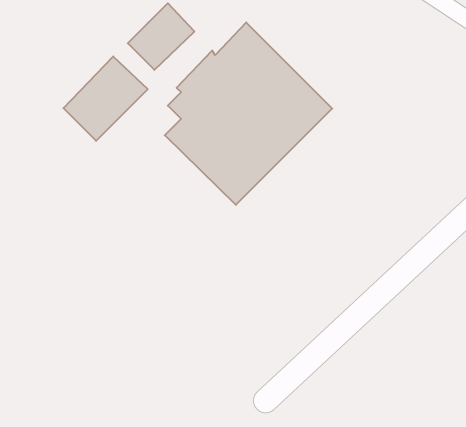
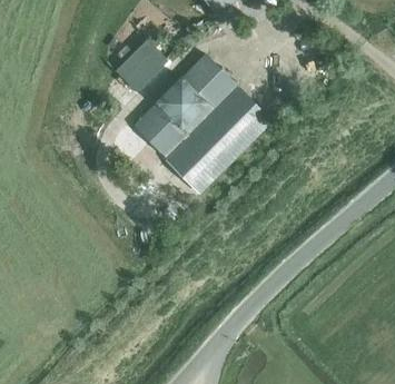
building: [63,56,148,141] -> none

